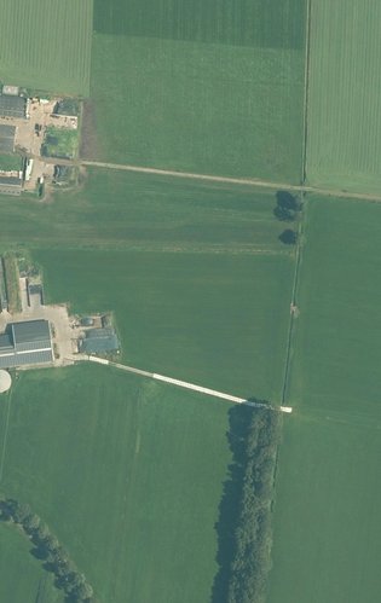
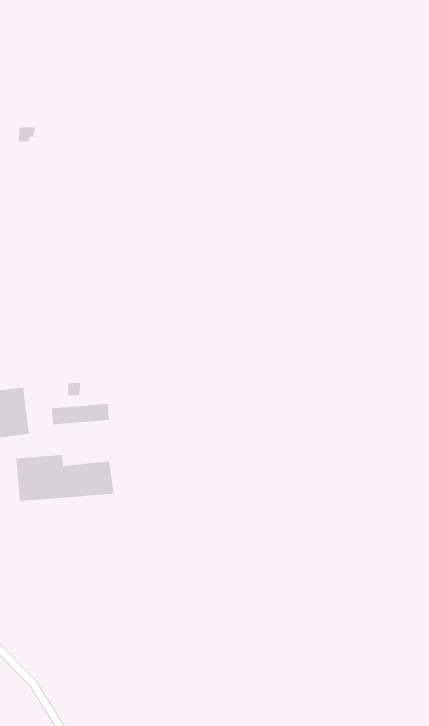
building: none -> [16,454,114,502]

